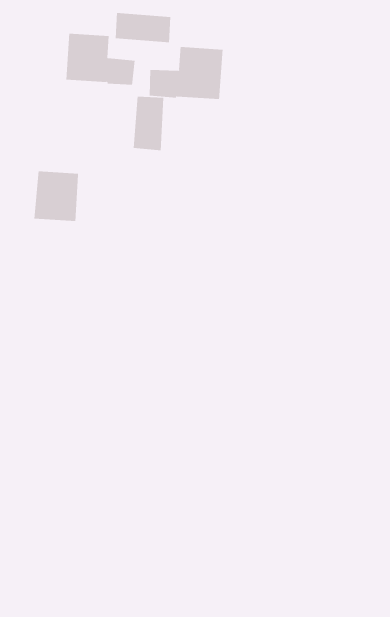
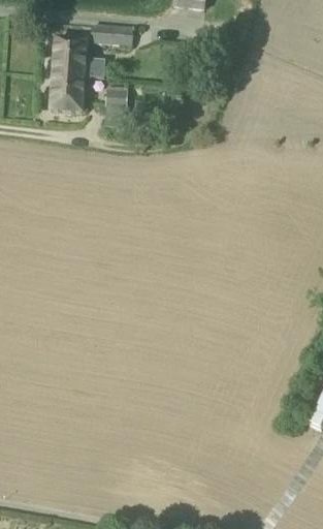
building: [149,46,223,100] -> none
building: [34,171,79,222] -> [50,72,84,111]

